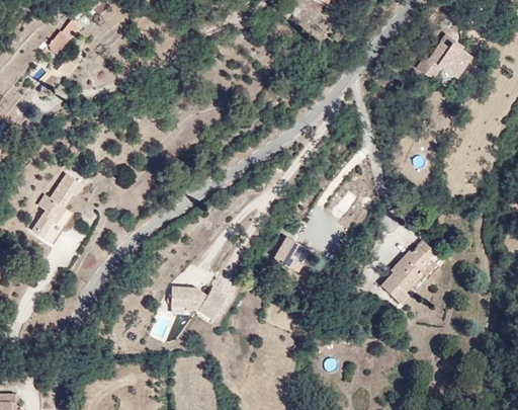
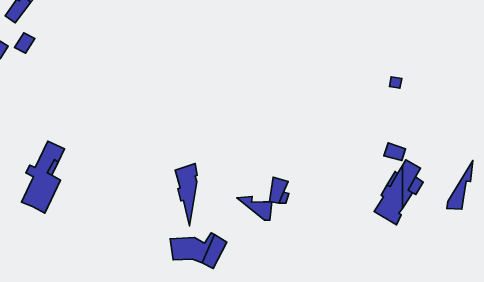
building: none -> [175,164,197,226]
building: none -> [447,161,473,209]
building: none -> [237,196,272,220]

